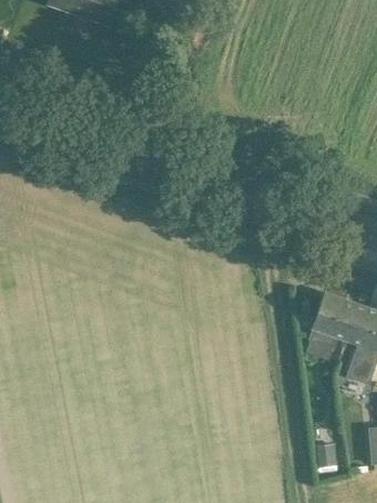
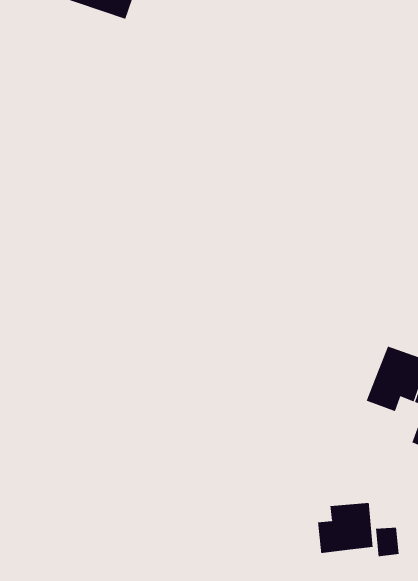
building: none -> [318,502,373,554]

